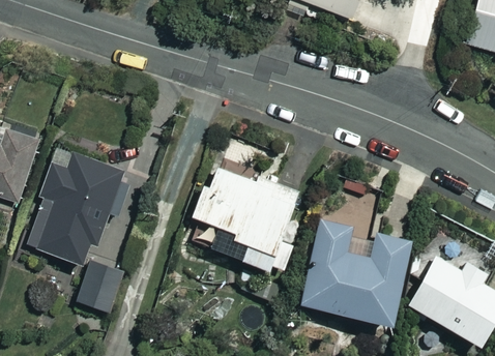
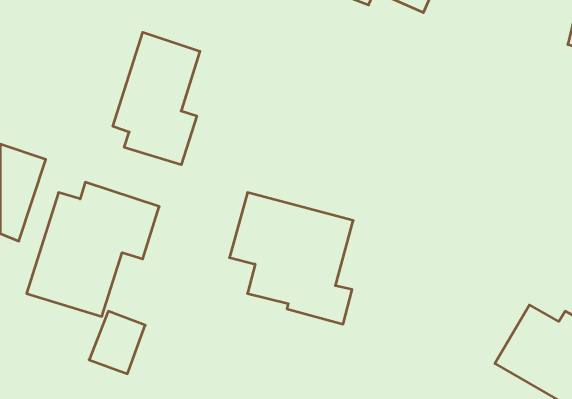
building: none -> [113,32,200,165]
building: [300,222,407,323] -> none

